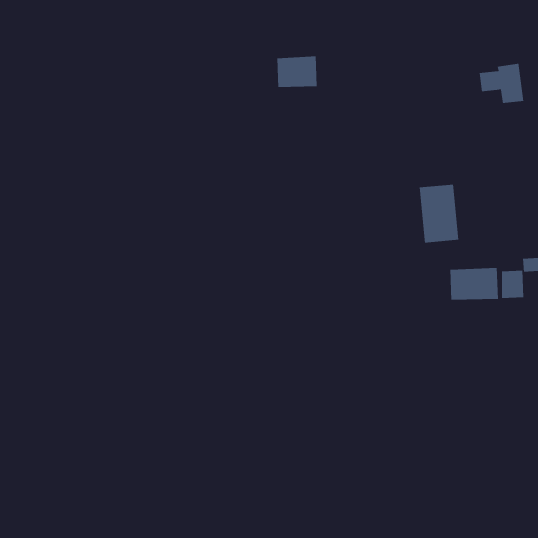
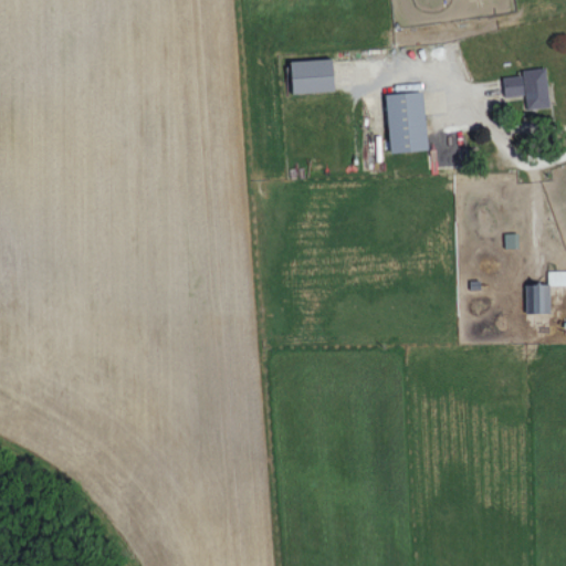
building: [419,184,459,243] -> [386,92,428,154]
building: [450,267,499,300] -> none

